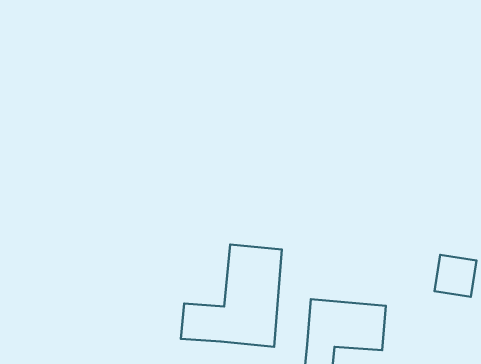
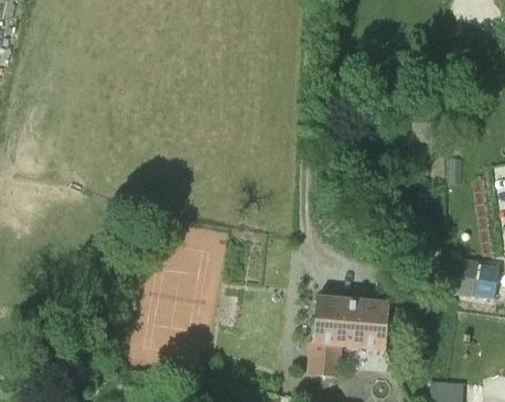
building: [181,245,282,347] -> none

